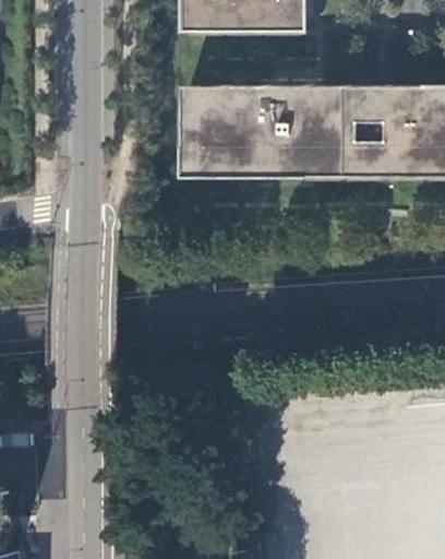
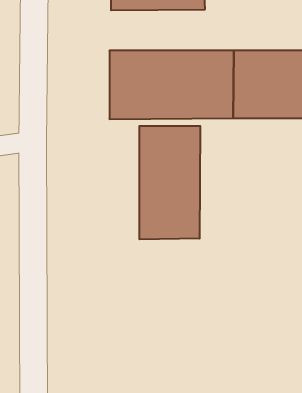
building: none -> [139,126,200,239]

